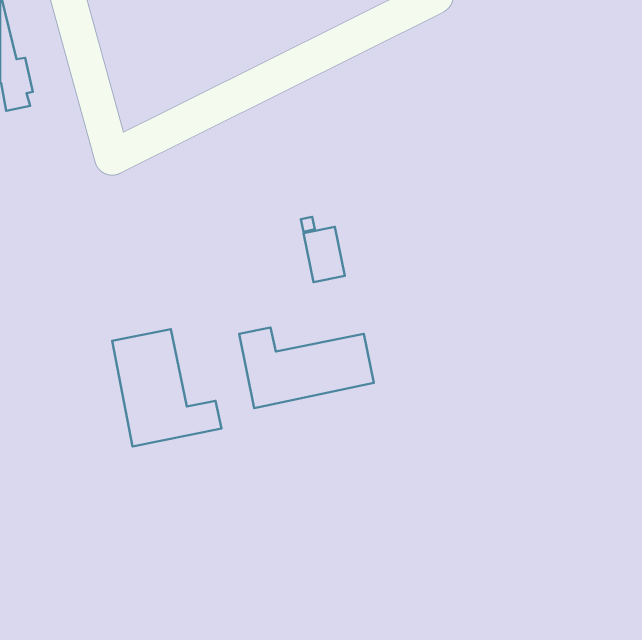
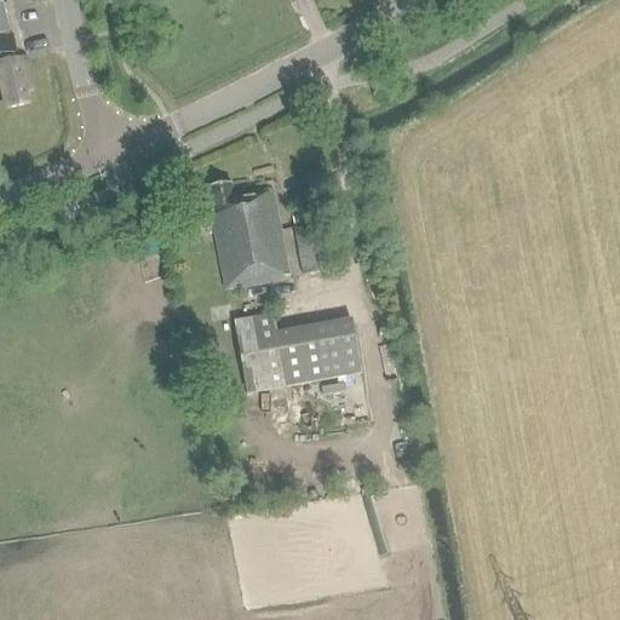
building: none -> [209,180,288,286]
building: [112,329,221,447] -> none

